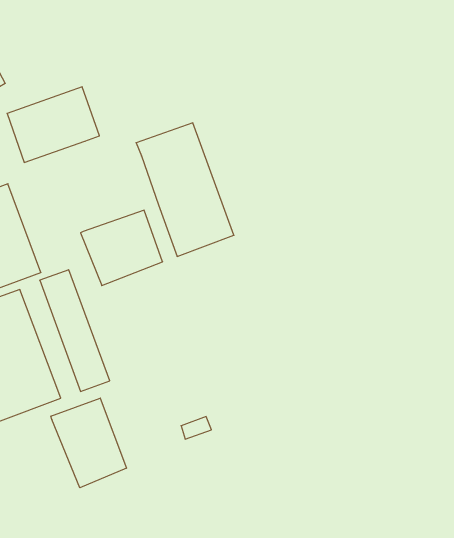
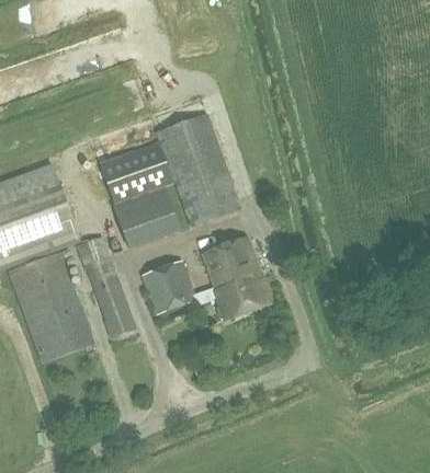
building: [7,87,99,162] -> [99,140,176,203]
building: none -> [142,235,271,319]
building: [51,398,126,488] -> none

